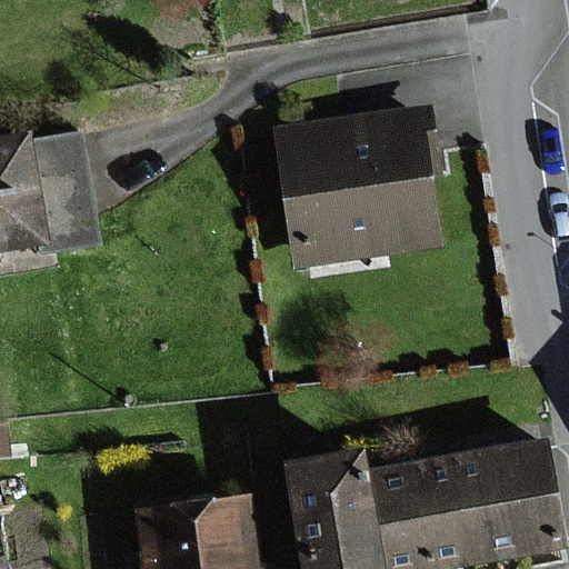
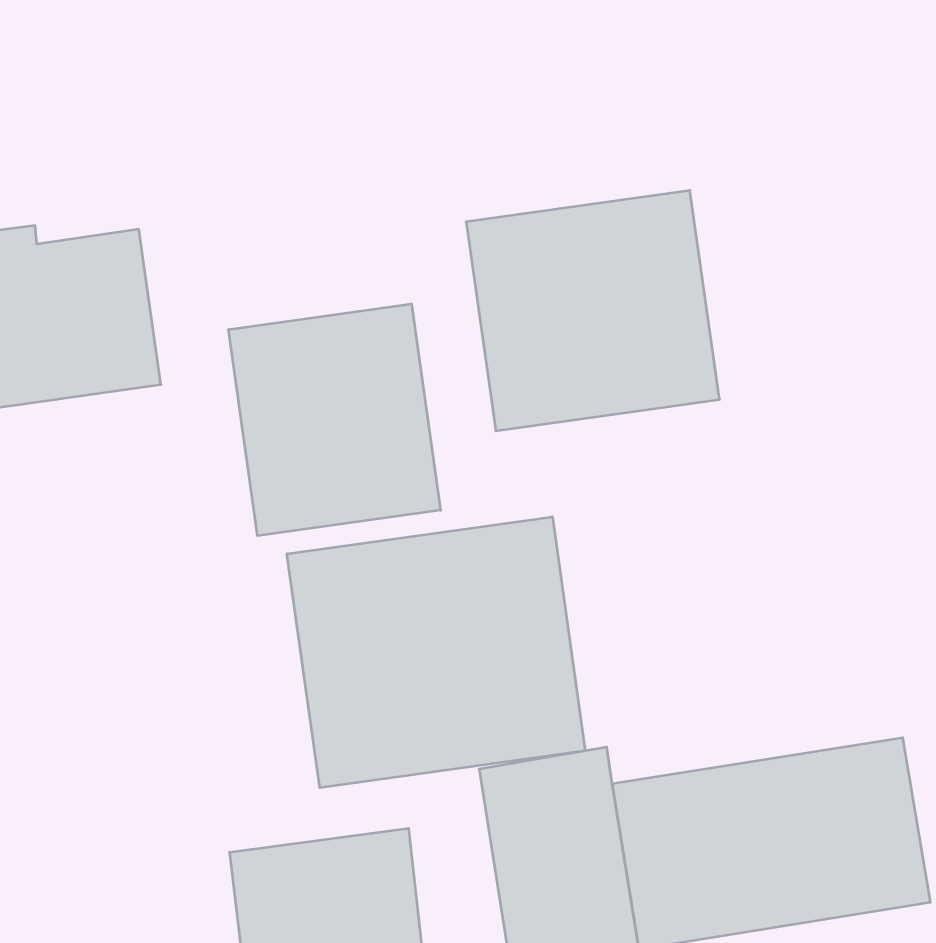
building: none -> [229,304,441,536]
building: none -> [287,517,585,788]

